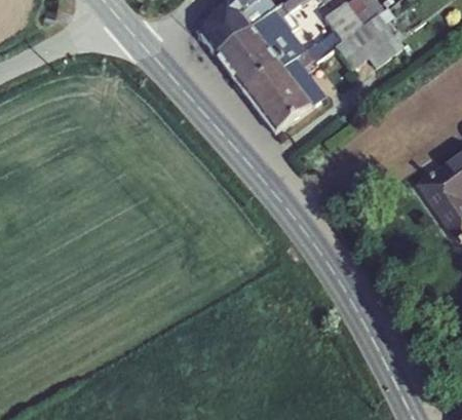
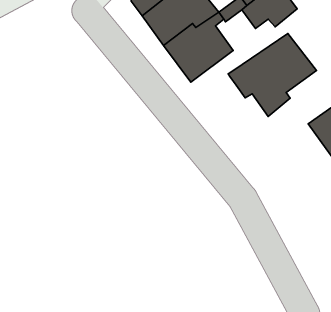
building: none -> [228,34,317,117]

